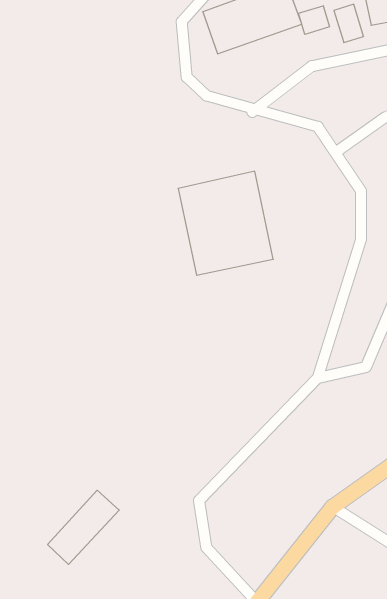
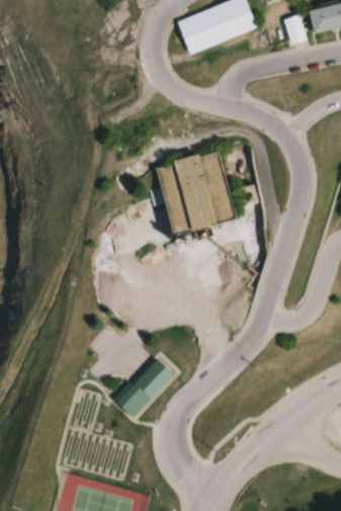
building: [299,6,330,34] -> none
building: [48,490,119,564] -> [115,359,174,420]

